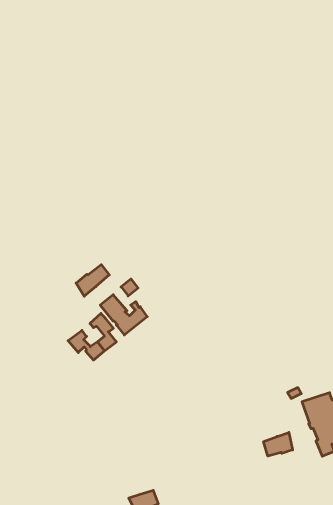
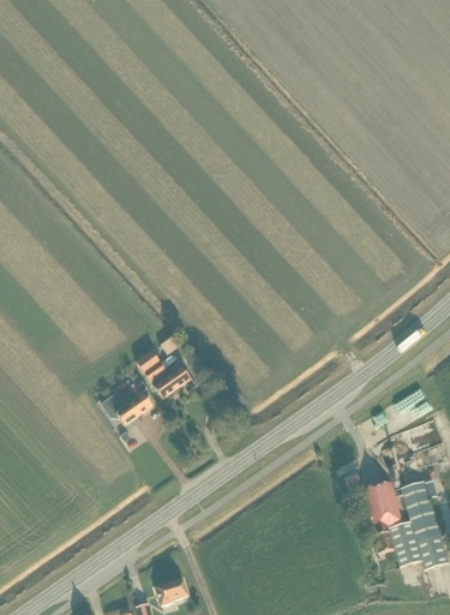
building: [76,265,109,296] -> none
building: [264,432,293,456] -> none

